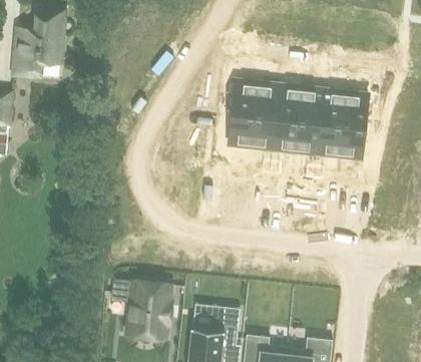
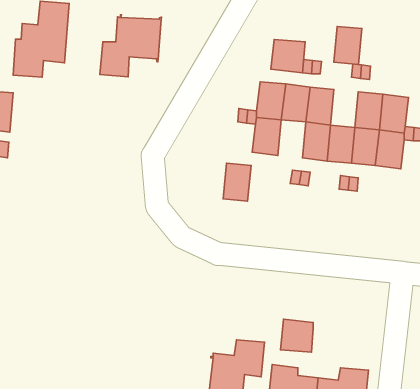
building: none -> [100,15,161,77]
building: none -> [271,40,305,73]
building: [298,86,323,120] -> [334,26,362,64]
building: [251,113,276,147] -> [223,163,251,201]
building: [111,279,170,342] -> none
building: none -> [280,319,313,352]

